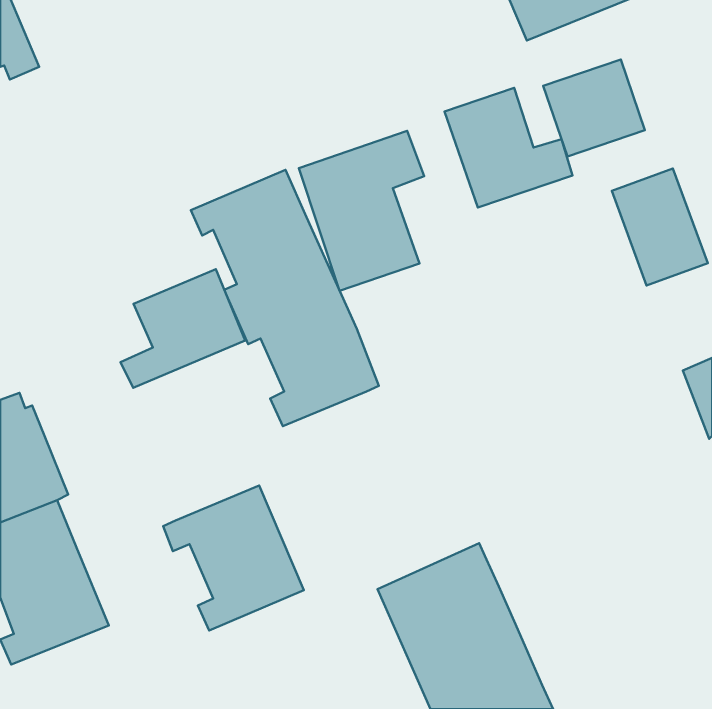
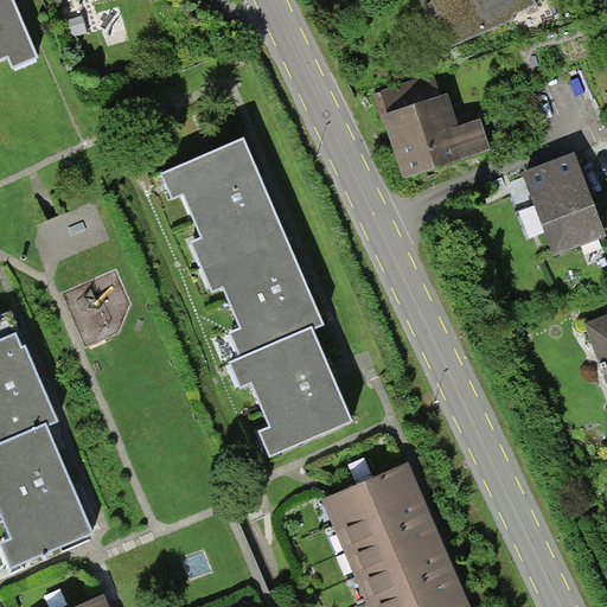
building: [543,59,645,156] -> none
building: [299,131,424,291] -> none
building: [121,269,245,388] -> none
building: [163,486,304,631] -> [230,333,350,456]

